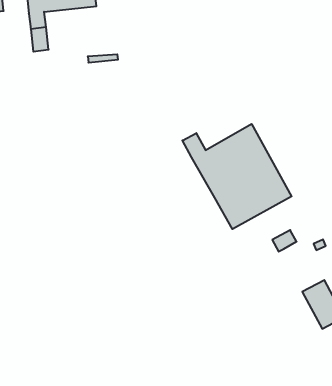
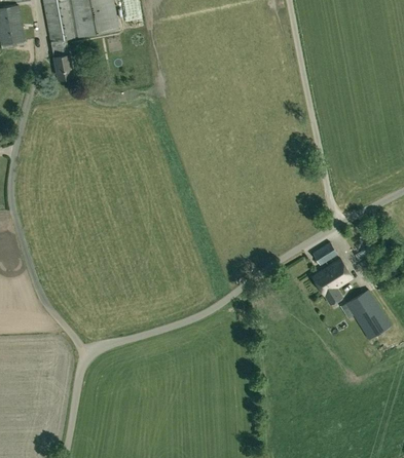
building: [182,124,292,229] -> none
building: none -> [311,259,352,305]

